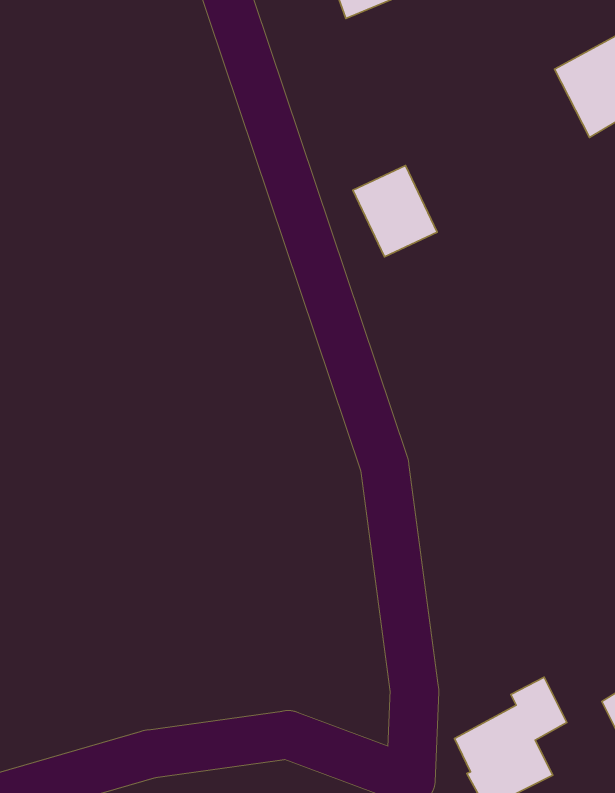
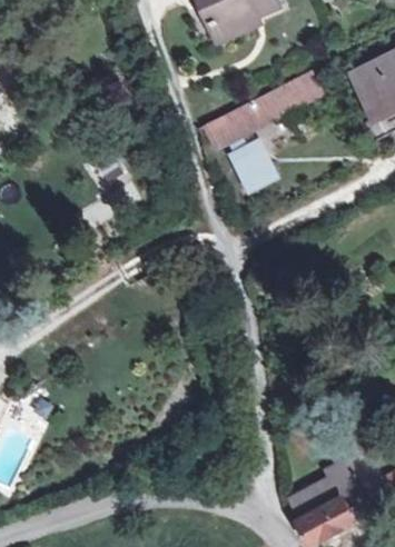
building: none -> [204,71,324,149]

